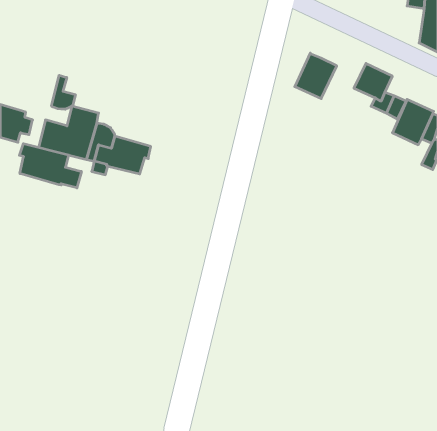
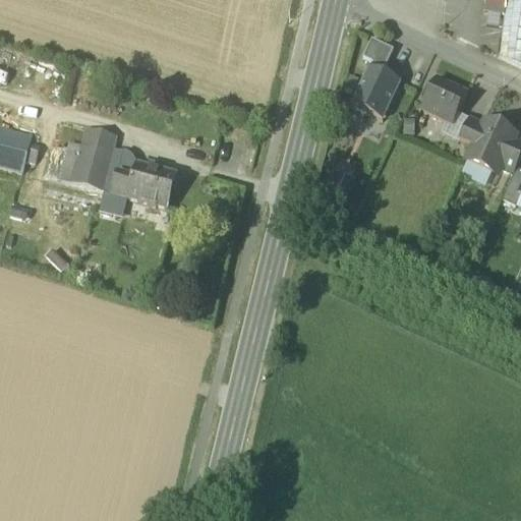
building: none -> [363,36,394,69]
building: [52,75,75,109] -> none
building: [19,144,81,188] -> none

